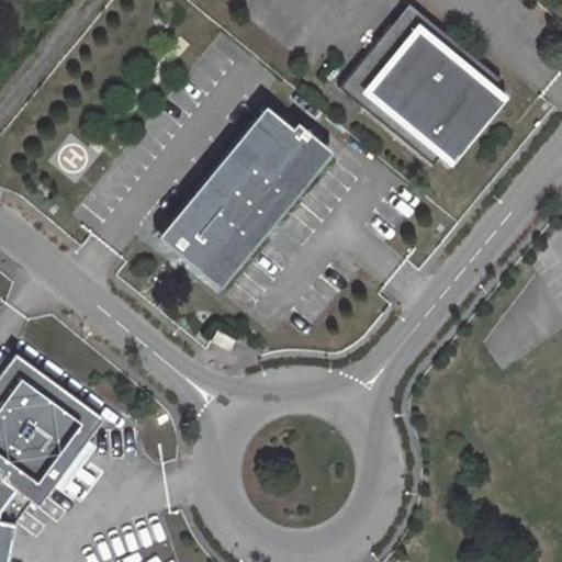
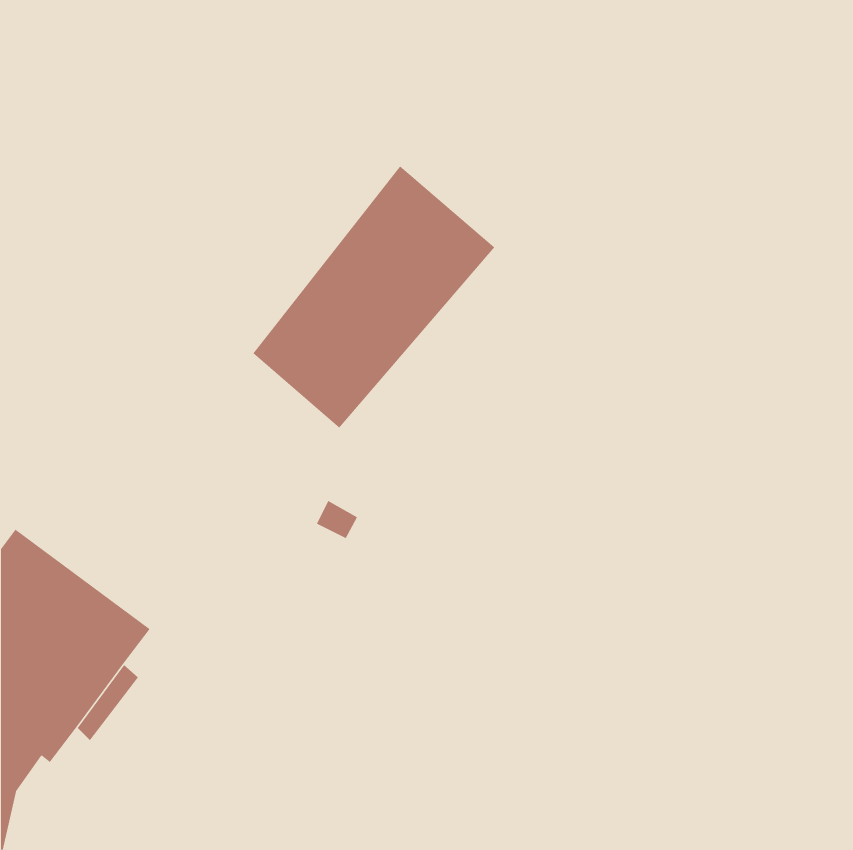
building: [337,12,504,176] -> none

